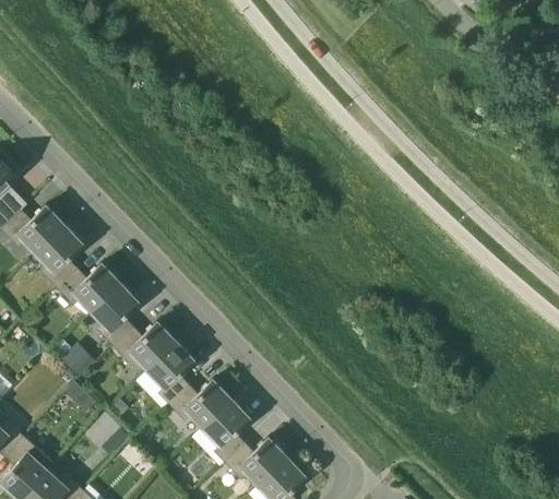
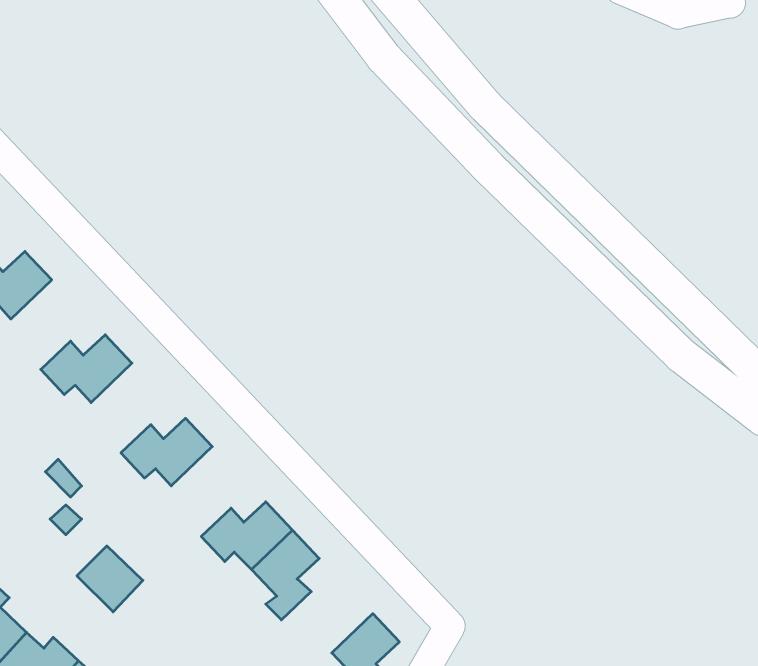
building: [36,226,83,288] -> none
building: [92,284,139,346] -> none
building: [147,342,194,404] -> none
building: [224,438,287,485] -> none

